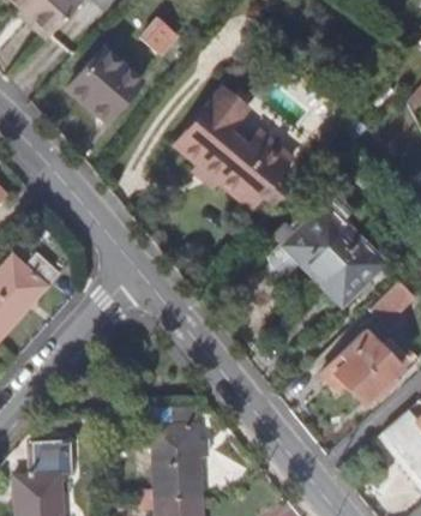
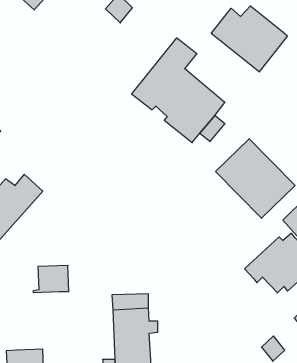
building: none -> [211,6,287,72]
building: [61,58,133,130] -> none
building: [28,440,73,475] -> [33,265,69,293]

